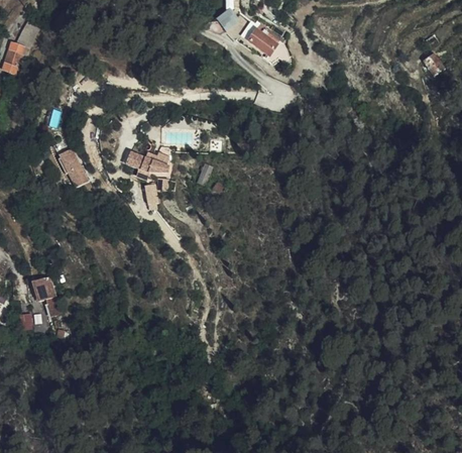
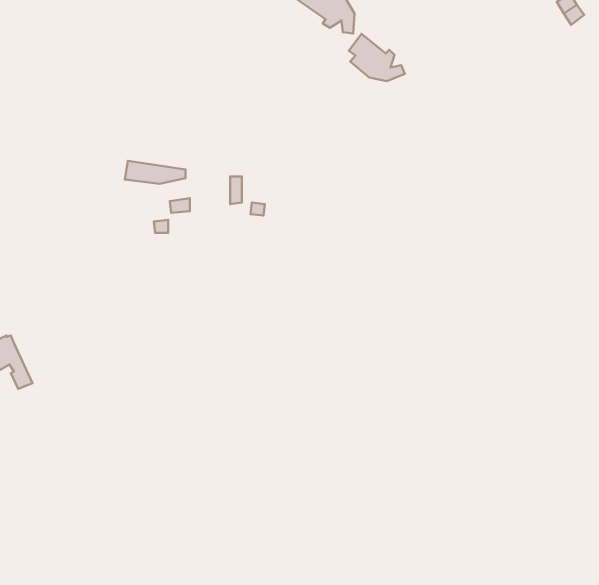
building: none -> [349,34,405,81]
building: [57,147,89,187] -> none

